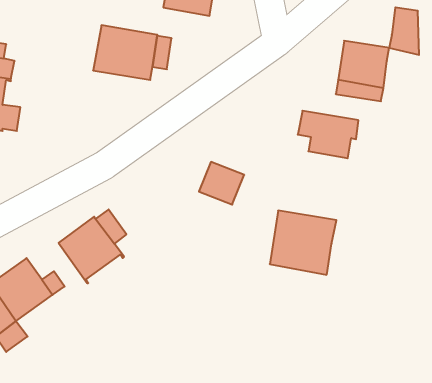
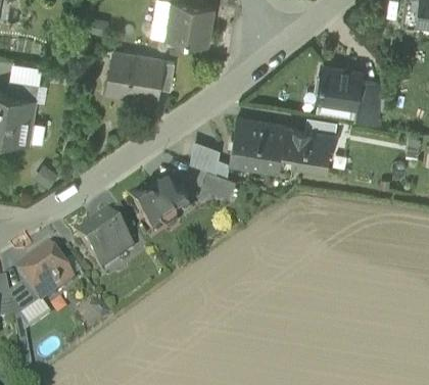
building: [389,7,419,55] -> [353,82,379,123]
building: none -> [191,140,219,171]
building: none -> [129,175,192,234]
building: [270,211,336,275] -> [229,116,286,172]

